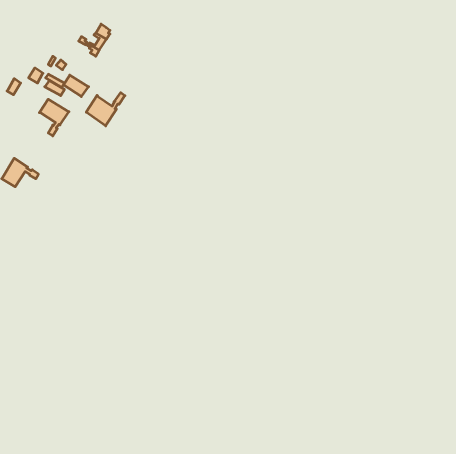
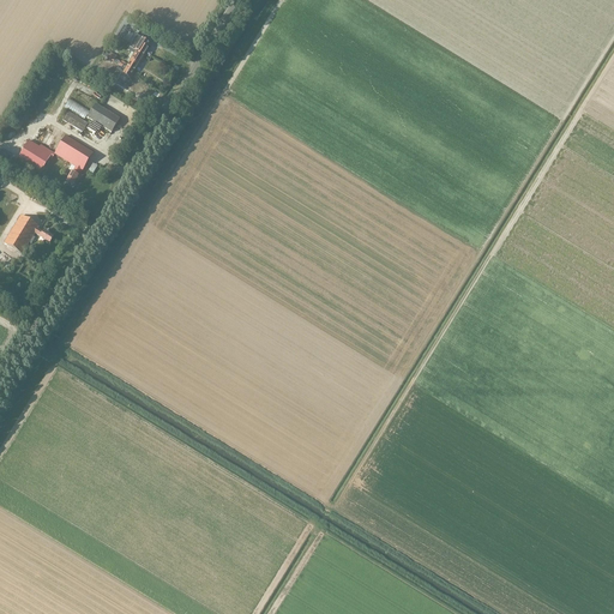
building: [86,93,125,126] -> none
building: none -> [17,138,54,170]

